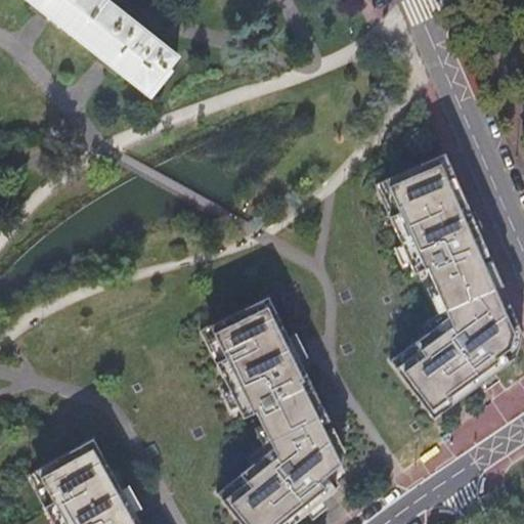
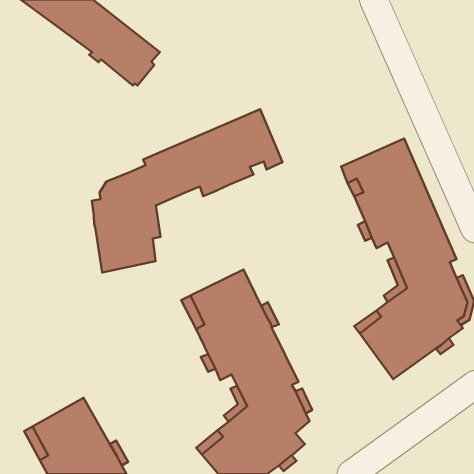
building: none -> [92,109,282,273]

